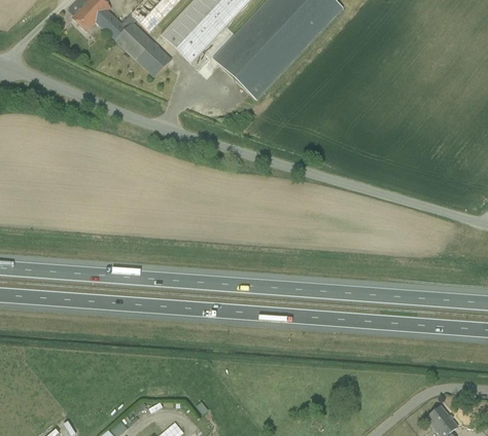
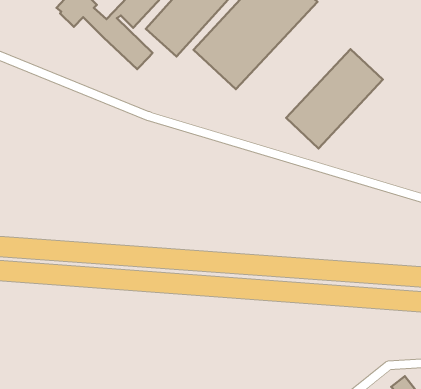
building: none -> [286,49,383,149]

